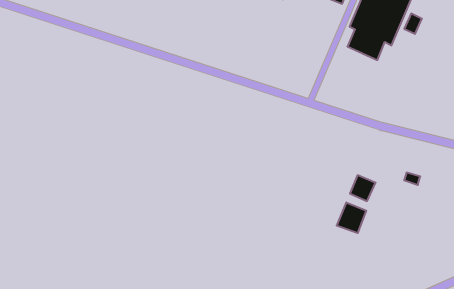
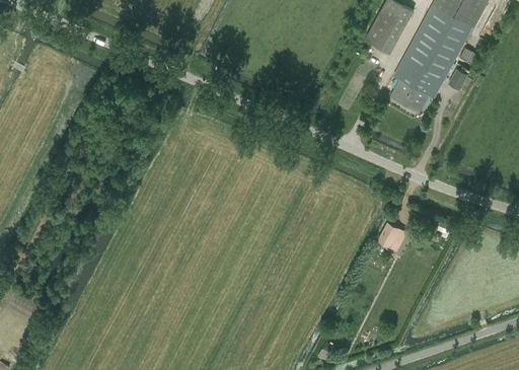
building: [337,202,366,233] -> none

